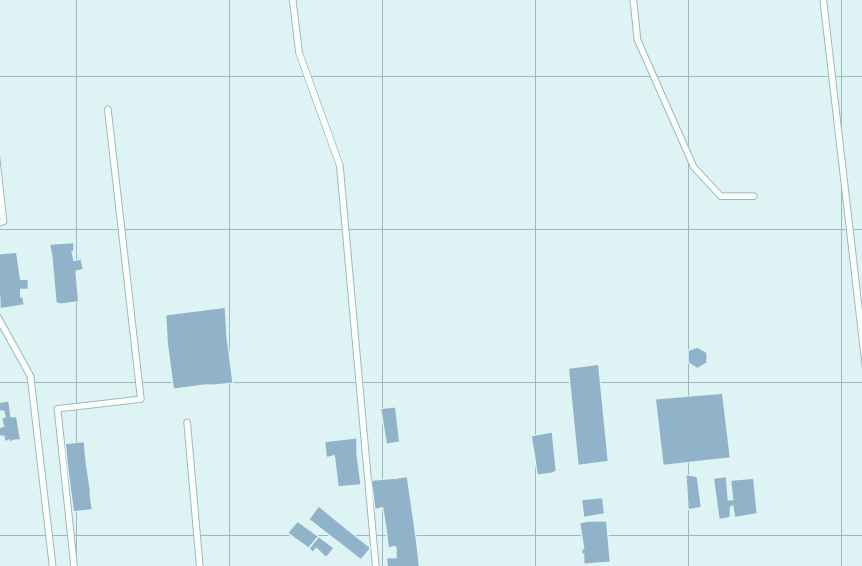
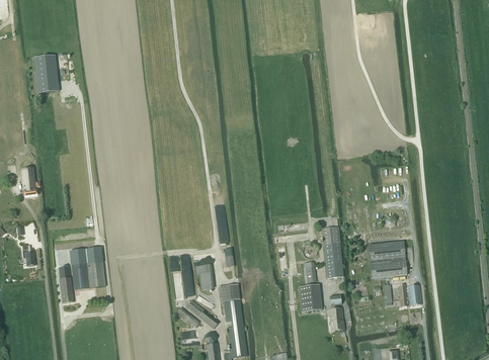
building: none -> [34,55,59,93]
building: [49,243,83,304] -> none
building: [165,308,233,389] -> [70,247,105,289]
building: none -> [299,284,322,311]

